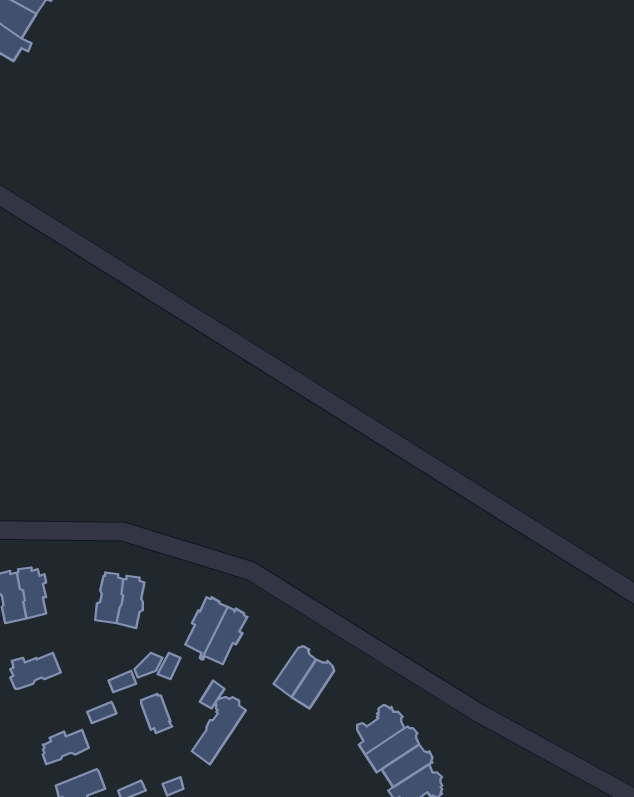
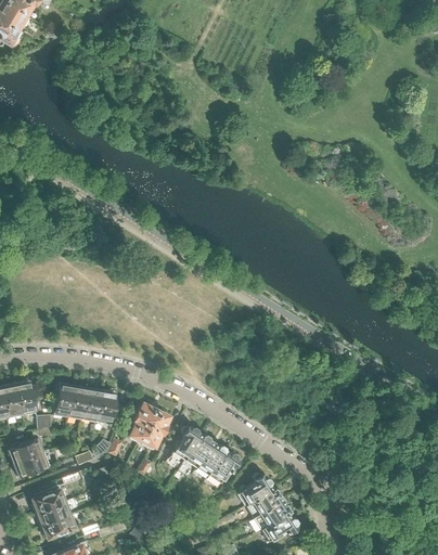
building: none -> [50,383,73,416]
building: none -> [94,389,117,424]
building: none -> [209,450,240,482]
building: none -> [15,451,50,477]
building: [192,697,246,764] -> [166,426,202,470]
building: none -> [35,501,68,526]

